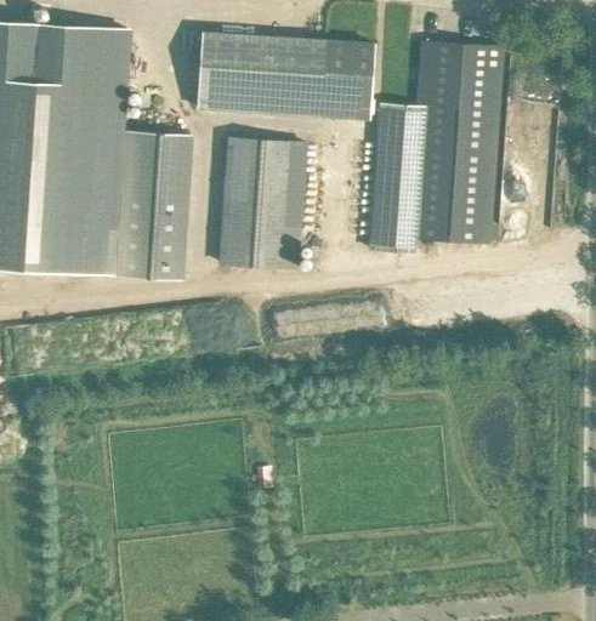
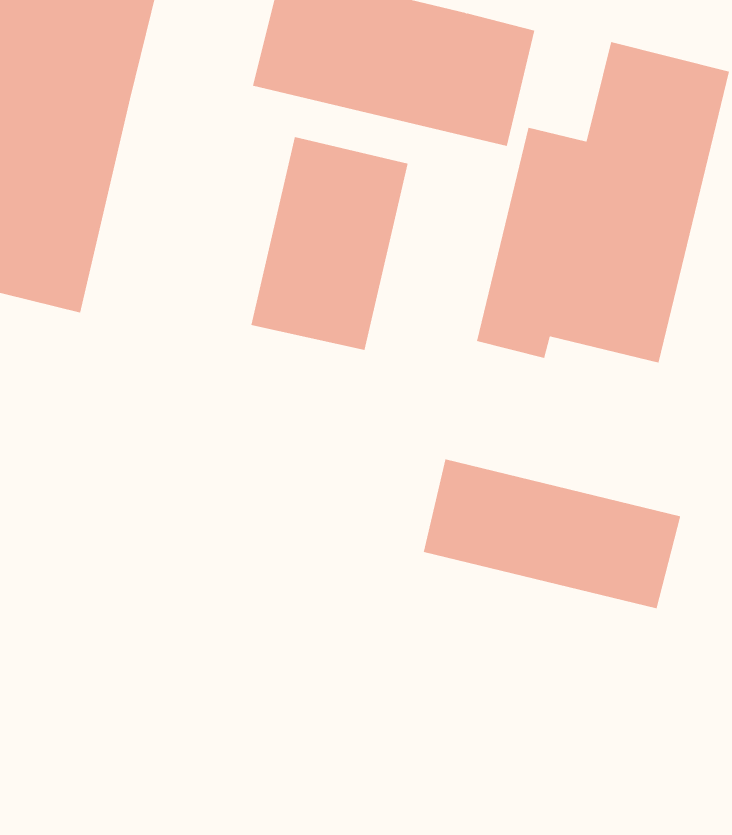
building: [114,132,191,279] -> none
building: none -> [423,459,681,609]

